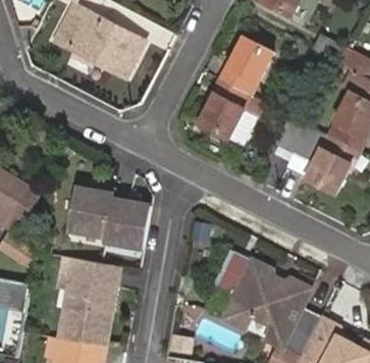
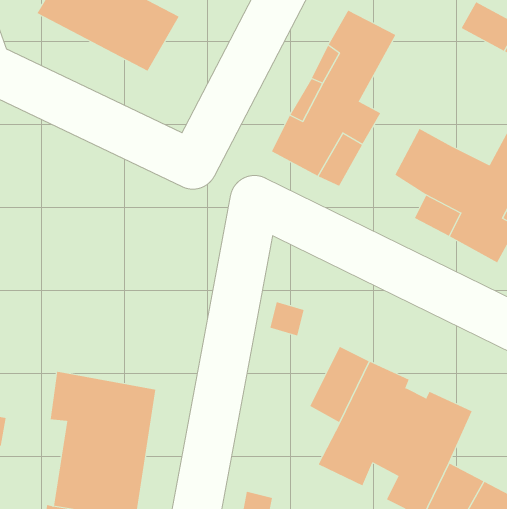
building: [72,183,151,246] -> none

